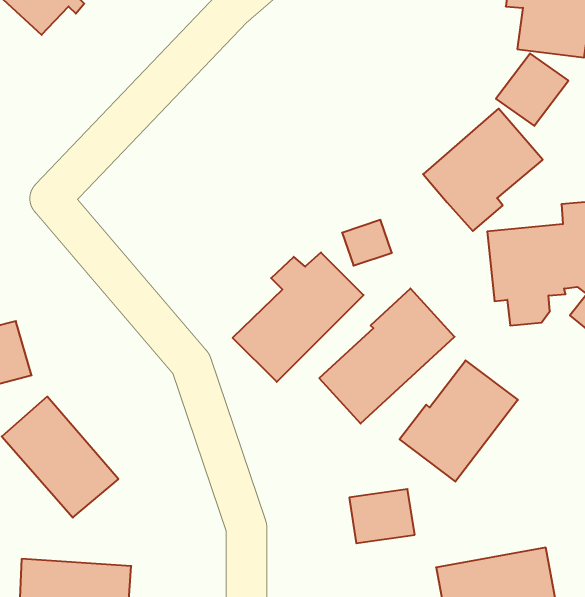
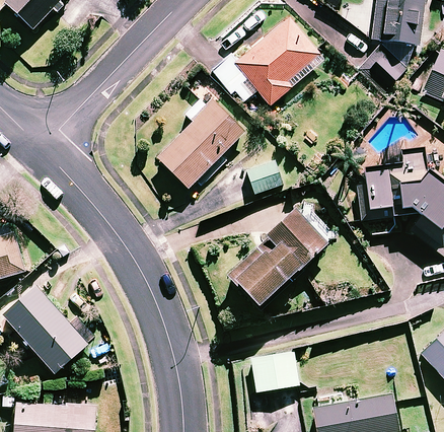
building: [423,109,543,231] -> [234,17,319,104]
building: [233,252,364,382] -> [157,95,250,188]
building: [400,360,518,482] -> none

